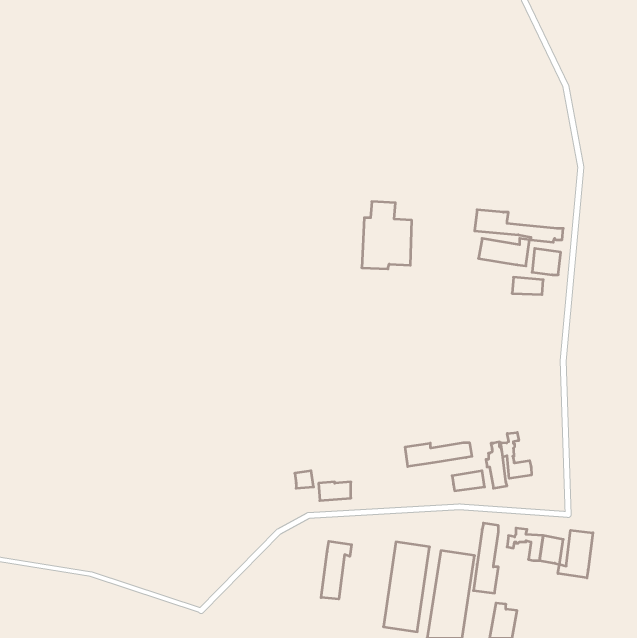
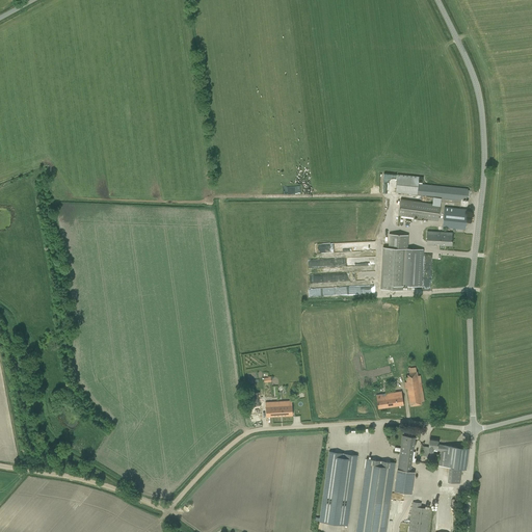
building: [362,202,412,269] -> [381,234,423,290]
building: [501,432,531,478] -> none
building: [405,443,472,467] -> none
building: [558,530,593,578] -> none
building: [321,541,352,599] -> none

